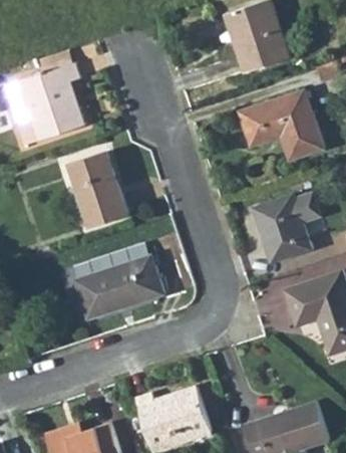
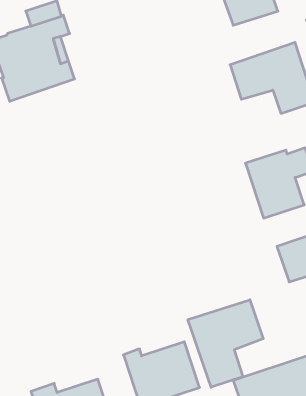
building: [71,153,129,225] -> none
building: [76,256,162,317] -> none
building: none -> [188,300,263,387]

